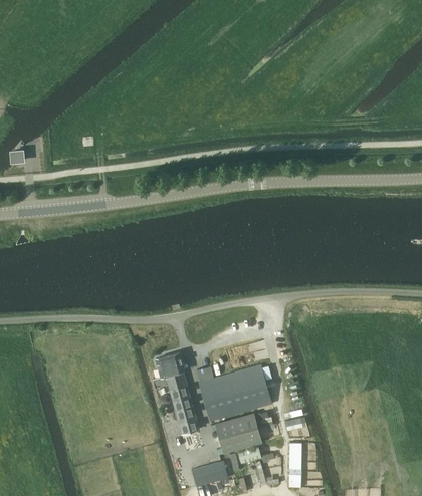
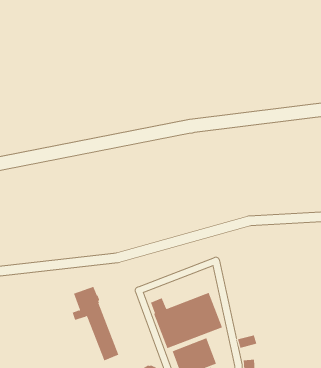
building: [152,352,198,434] -> [72,286,119,361]

